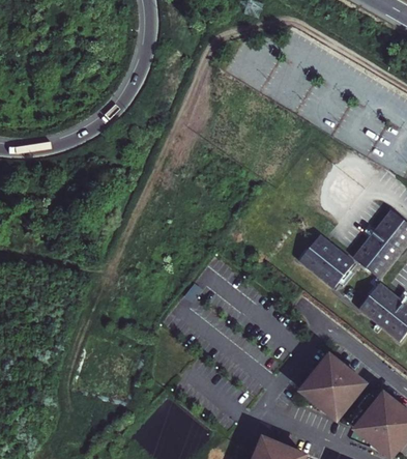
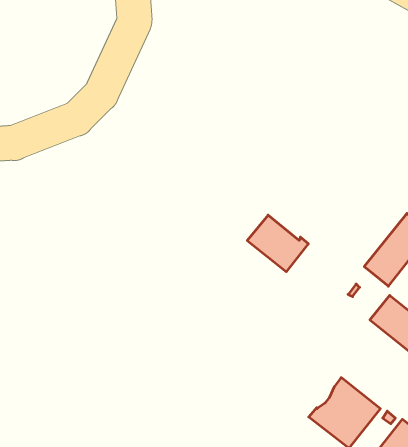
building: [298,235,353,286] -> [247,215,308,272]

